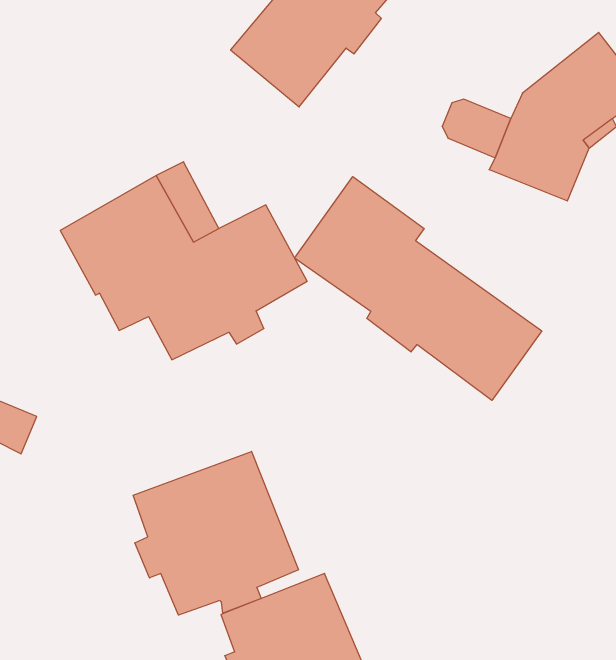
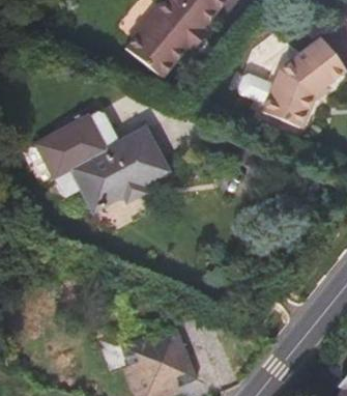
building: [295,177,542,400] -> none
building: [133,451,298,615] -> none

